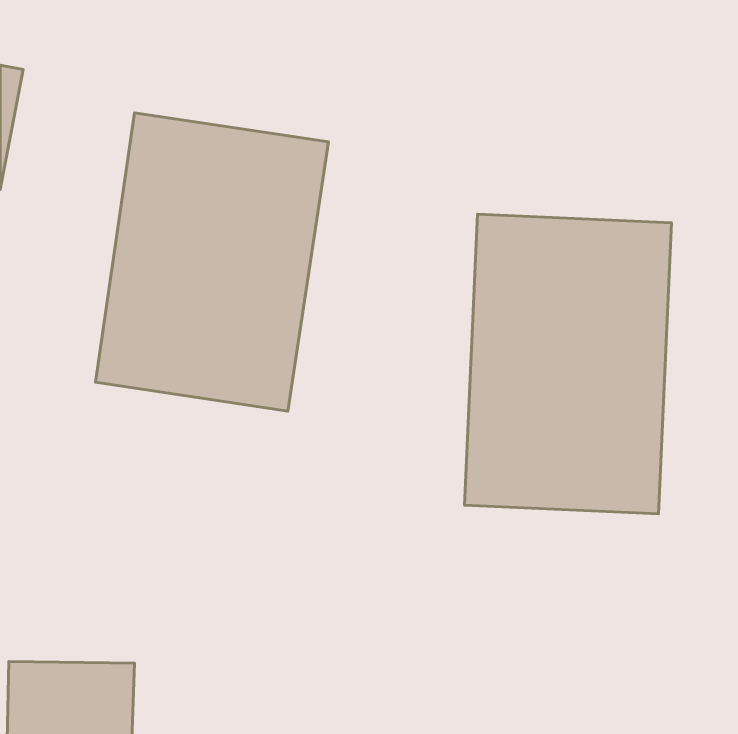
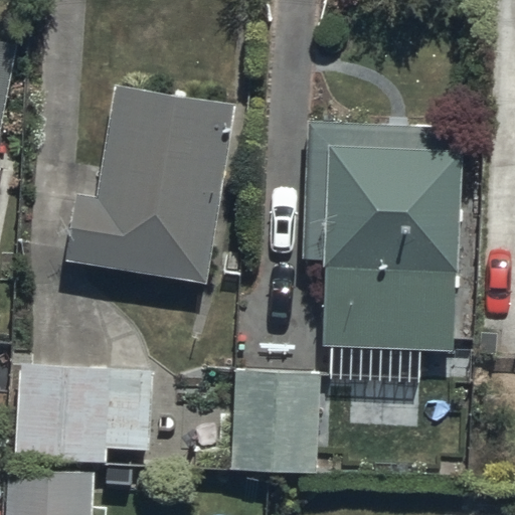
building: none -> [14,362,151,461]
building: none -> [231,372,317,469]

